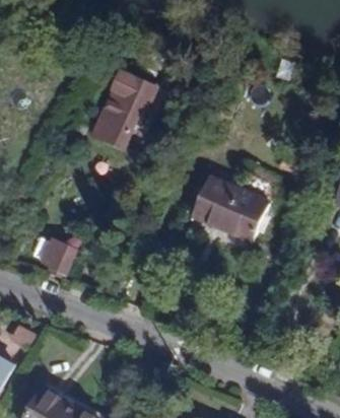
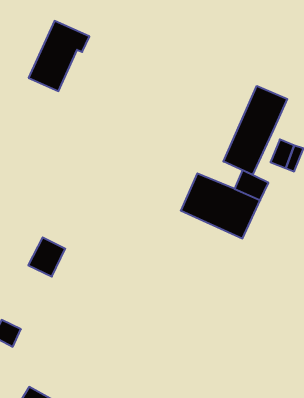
building: [92,80,152,149] -> [29,21,89,91]
building: none -> [223,86,287,175]

